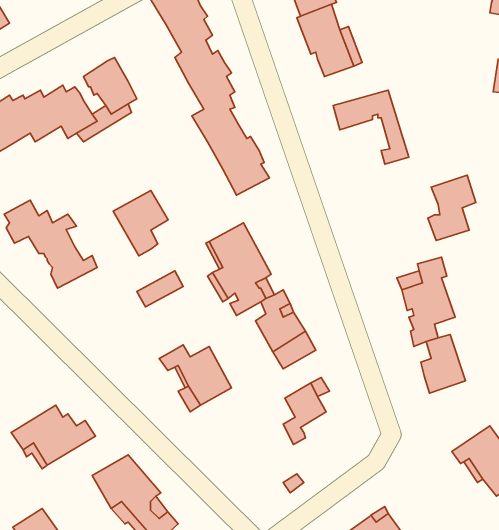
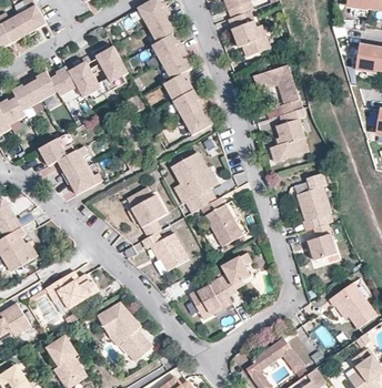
building: [428,175,476,241] -> [273,120,304,162]
building: [113,191,168,256] -> [131,193,167,235]
building: none -> [188,276,231,318]

